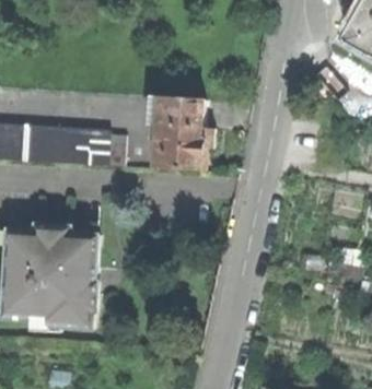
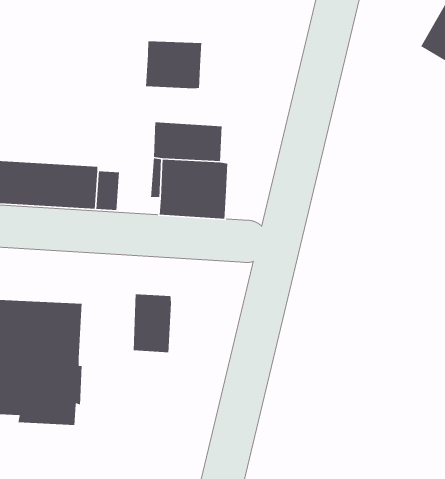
building: none -> [145,40,202,89]
building: none -> [133,293,172,353]

